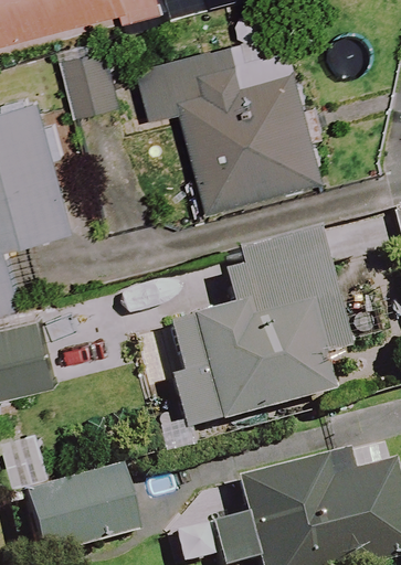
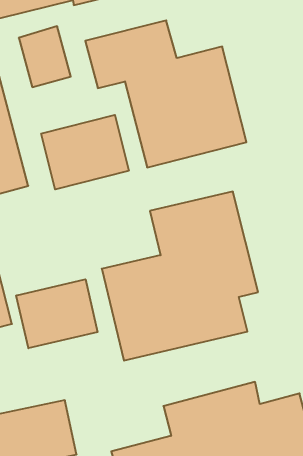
building: none -> [41,115,129,189]
building: none -> [16,279,98,348]

